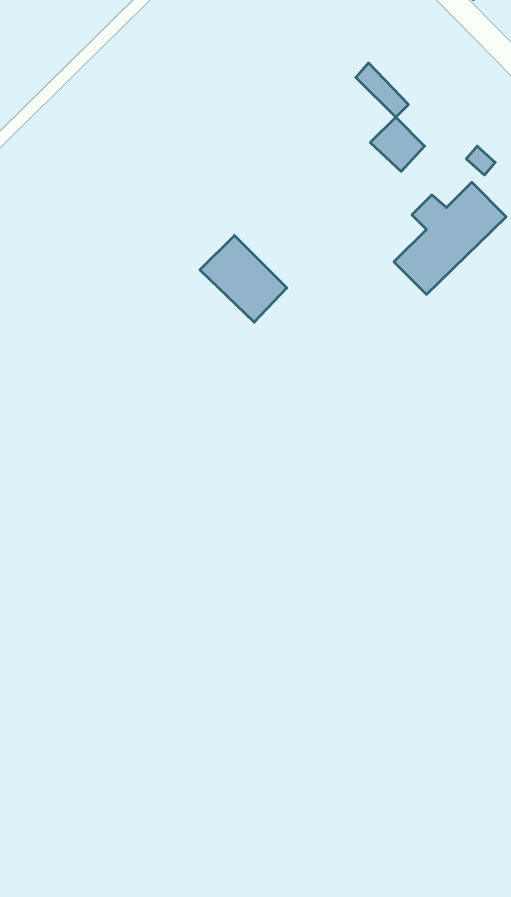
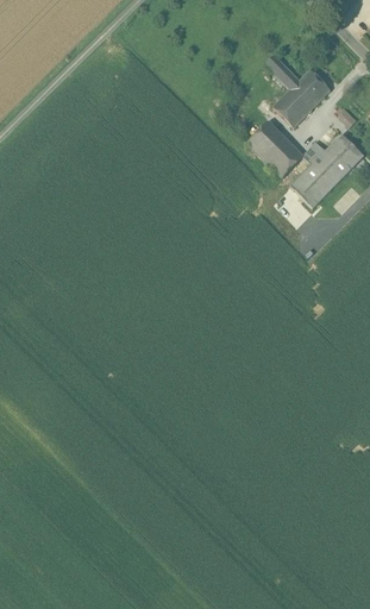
building: none -> [291,69,331,108]
building: [200,235,287,322] -> [246,120,303,177]

